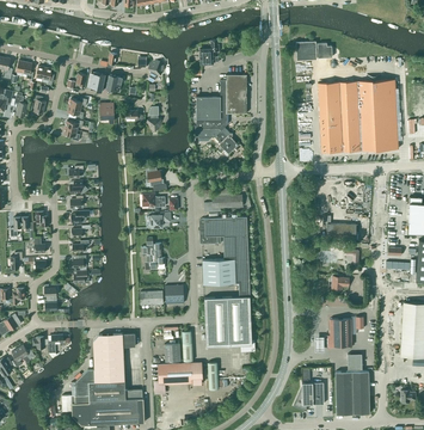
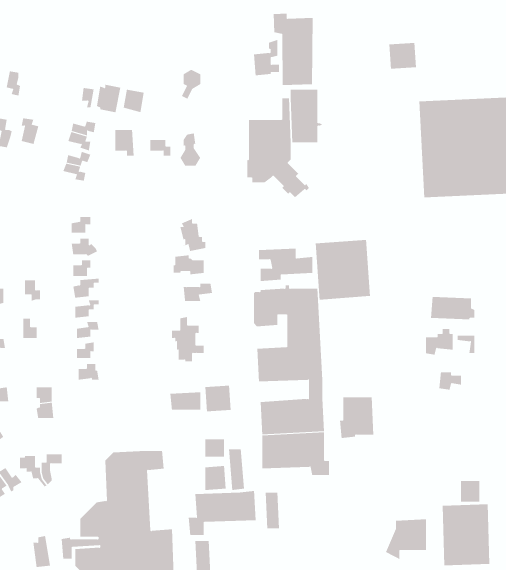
building: none -> [273,13,313,86]
building: none -> [315,239,371,300]
building: [327,319,352,349] -> [339,397,374,439]

